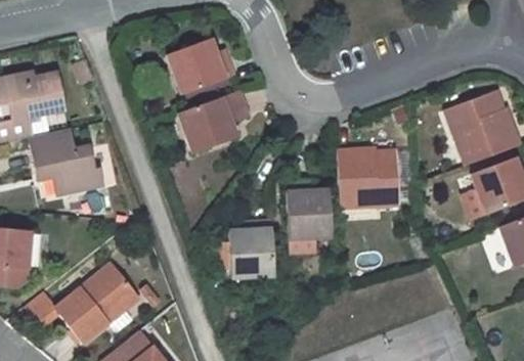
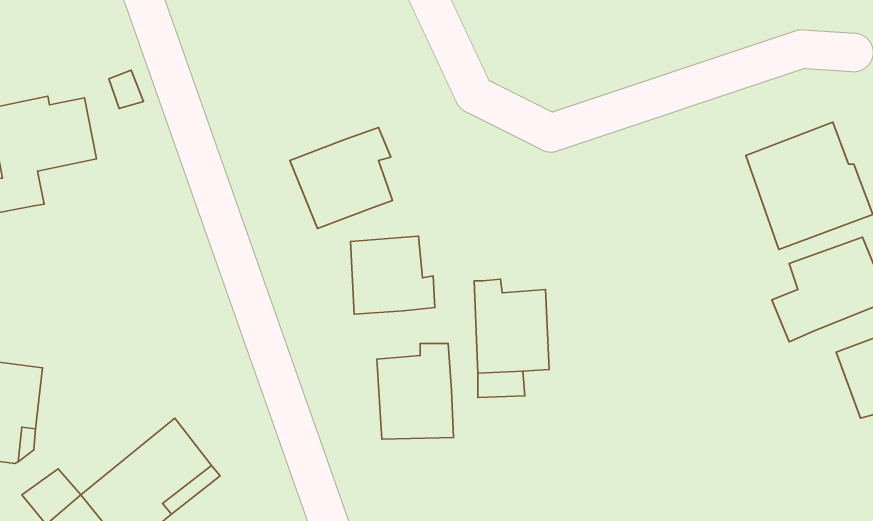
building: [168,37,234,94] -> none
building: [28,129,106,191] -> none
building: [337,147,399,207] -> none
building: none -> [351,236,435,314]

